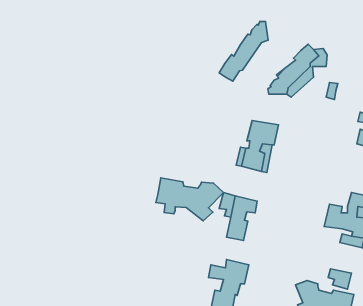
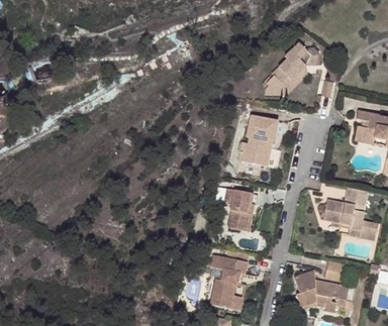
building: [219,21,268,81] -> none
building: [156,178,224,221] -> none

